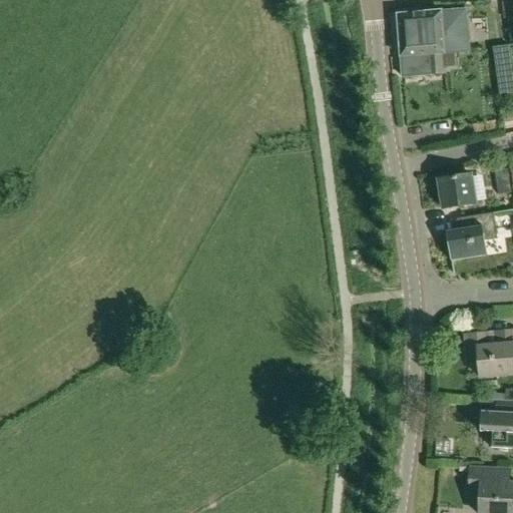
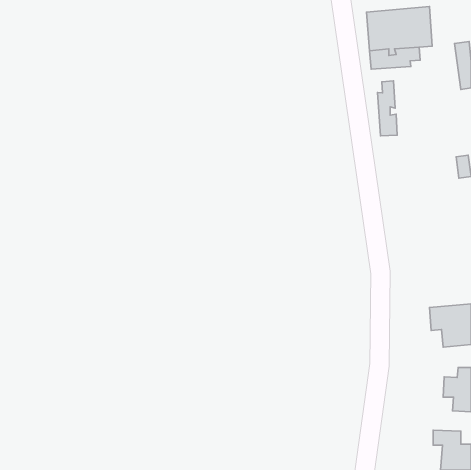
building: none -> [377,81,397,136]
building: [439,173,476,207] -> none
building: [447,211,498,259] -> none

